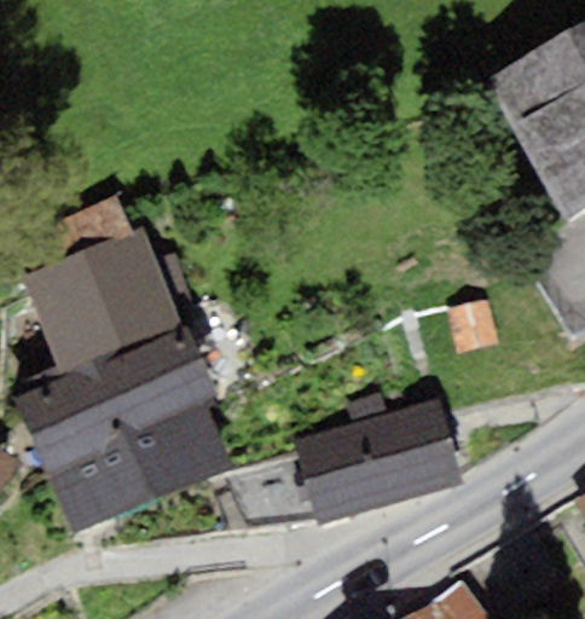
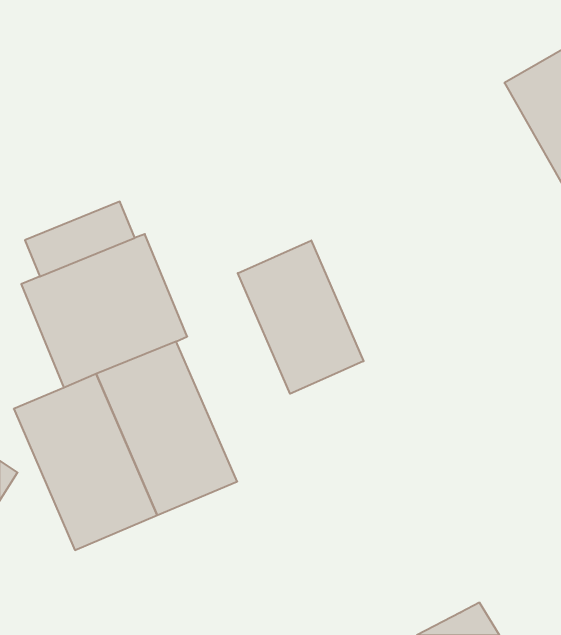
building: none -> [238,240,364,394]
building: [292,398,462,525] -> none

